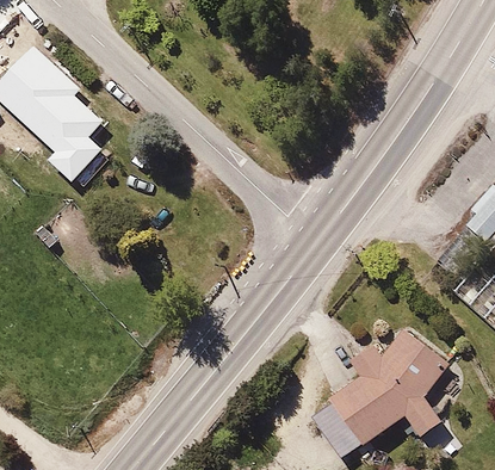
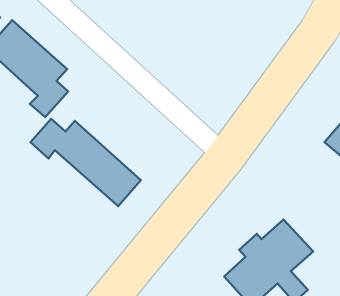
building: none -> [31,119,141,206]

